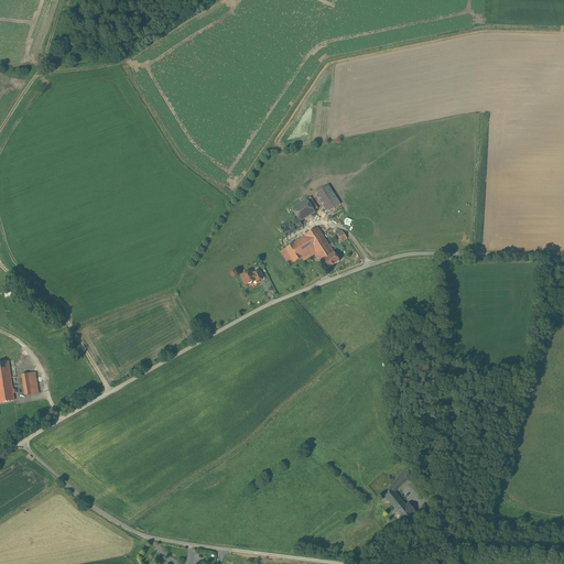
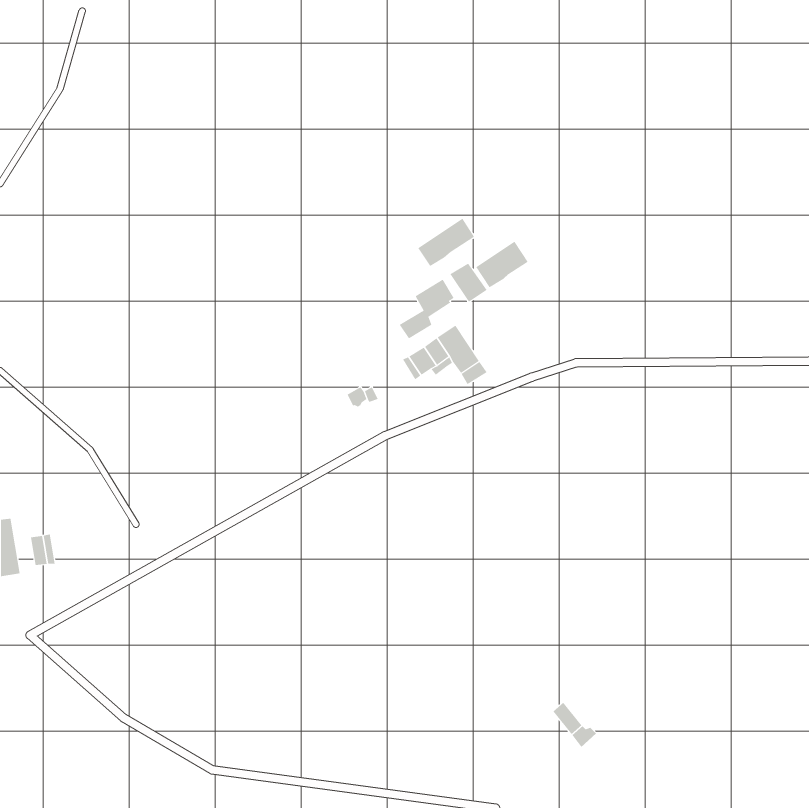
building: none -> [418,218,475,267]
building: none -> [475,241,528,288]

